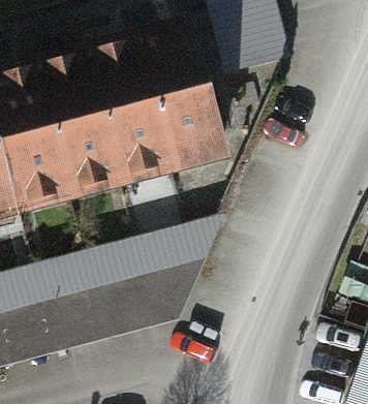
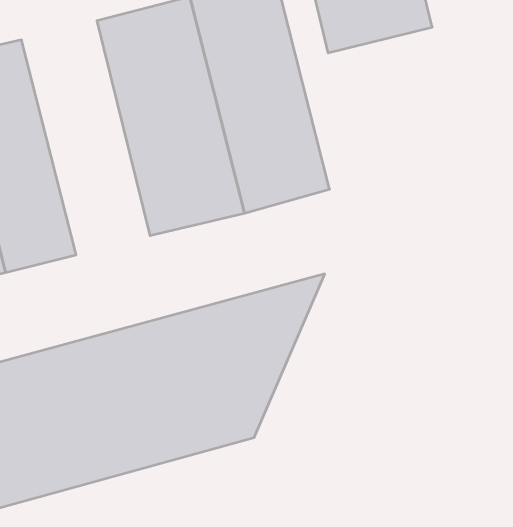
building: [24,51,106,201] -> none

